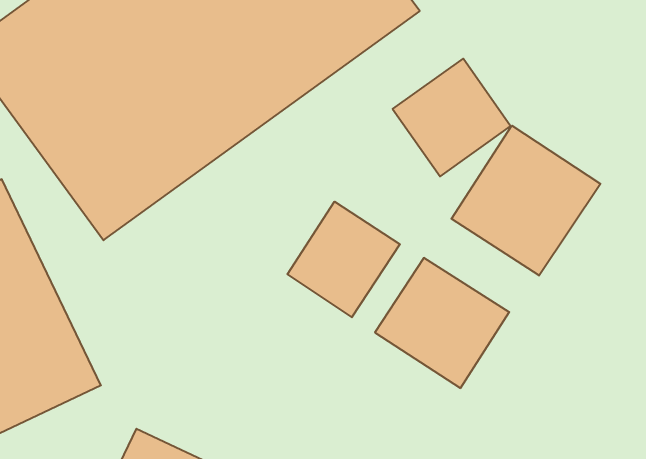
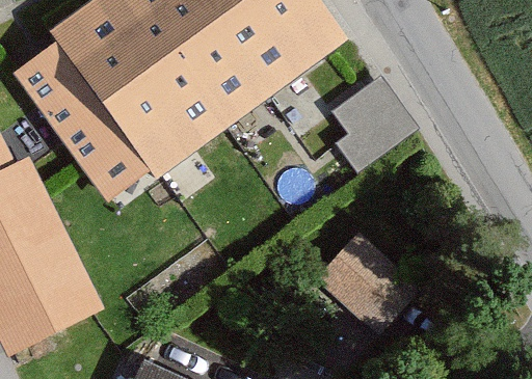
building: [451,126,600,276] -> none
building: [287,202,400,317] -> none

